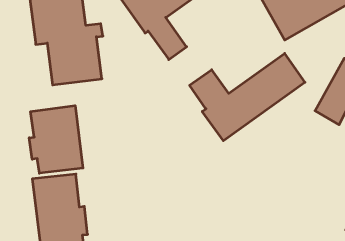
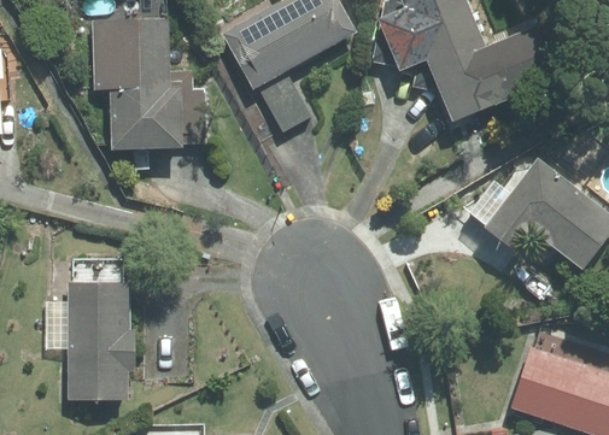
building: [190,53,305,141] -> none
building: [29,106,83,173] -> none

